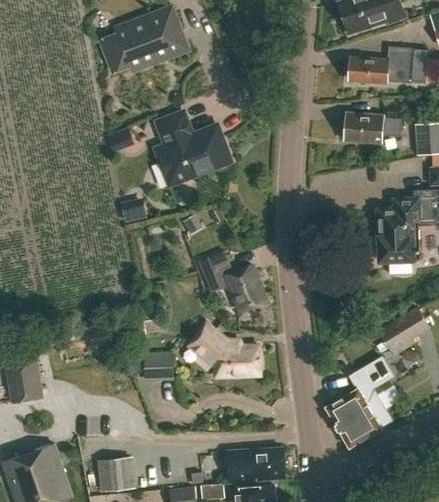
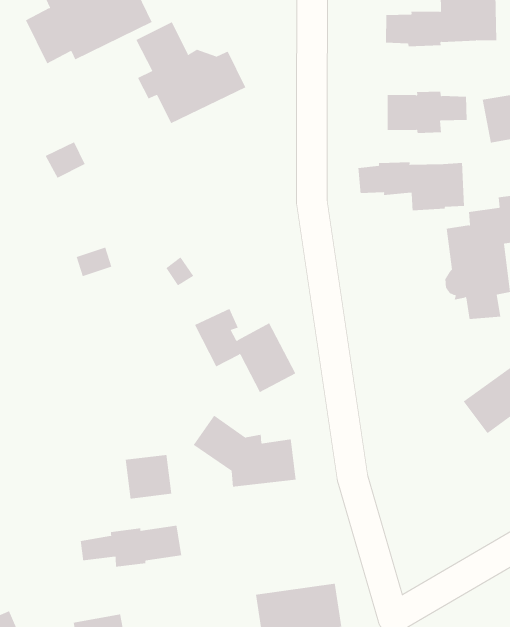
building: [156,111,231,182] -> [135,22,246,124]
building: none -> [358,161,465,211]
building: [326,358,393,448] -> none
building: none -> [80,525,182,568]

